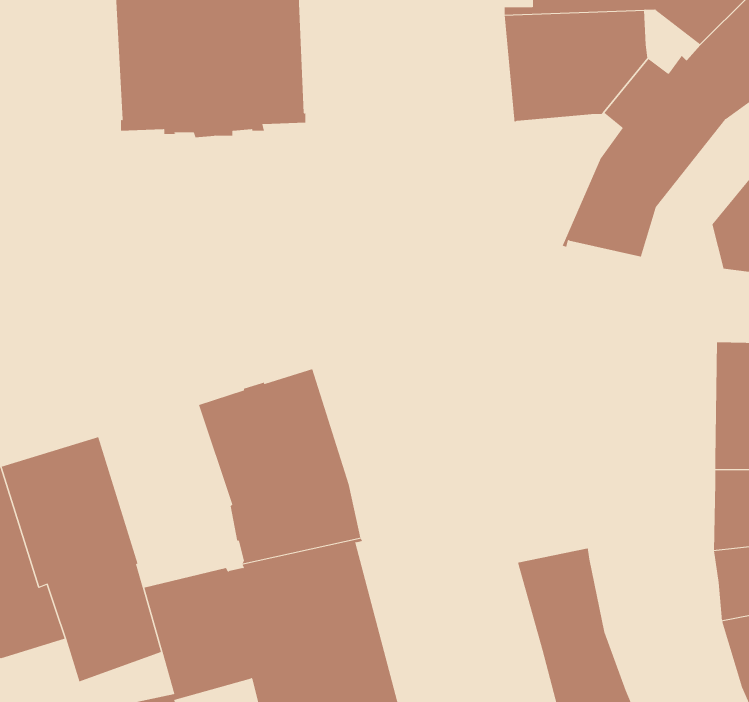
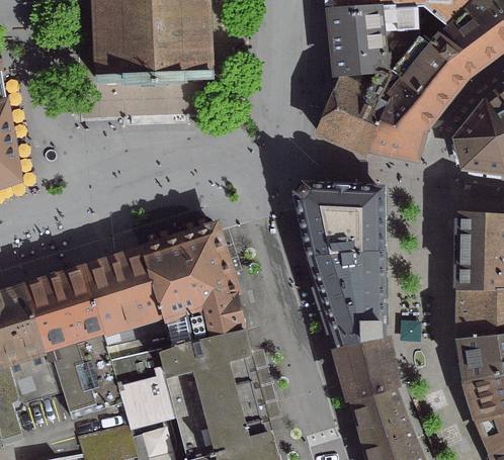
building: none -> [317,72,402,153]
building: none -> [295,185,382,346]
building: none -> [83,250,167,347]

